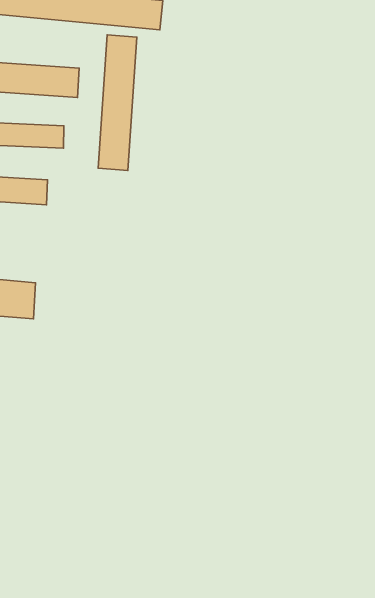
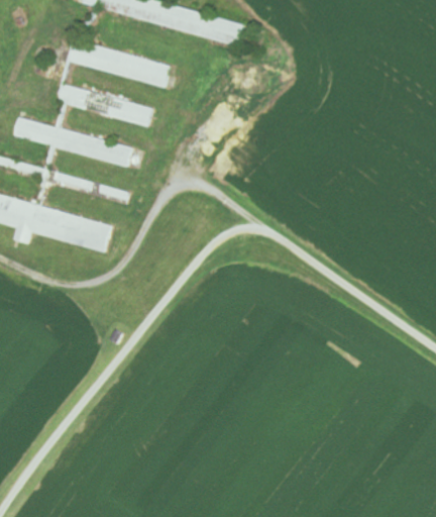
building: [98,35,137,171] -> none

